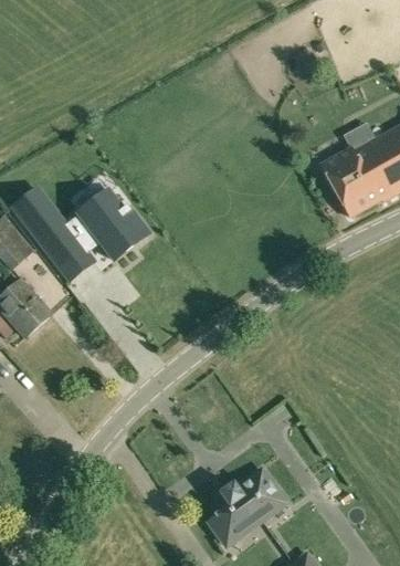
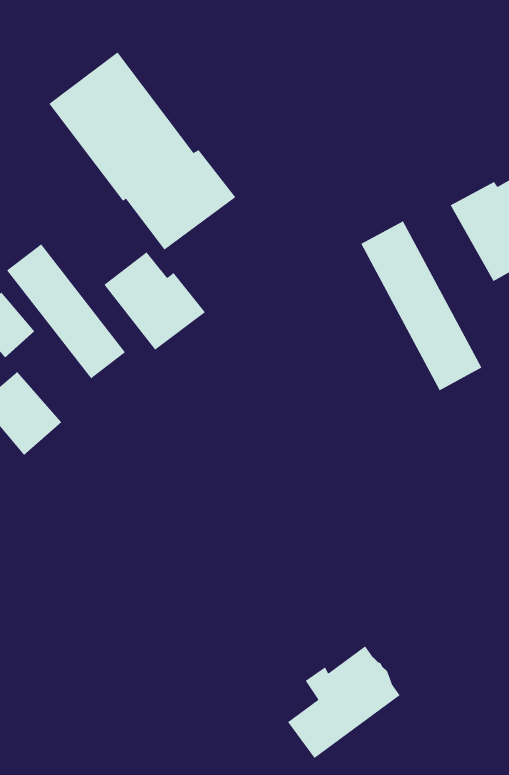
building: none -> [48,51,236,250]
building: none -> [360,220,482,391]

